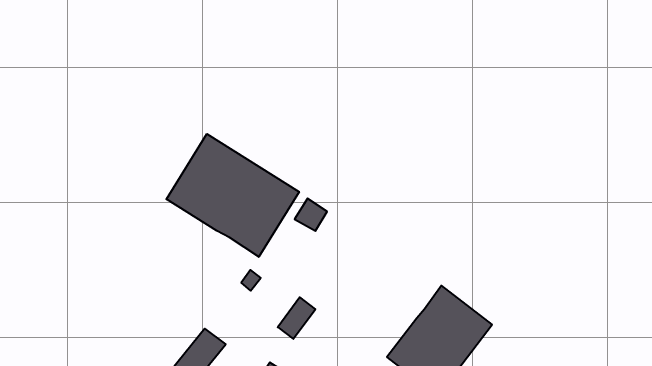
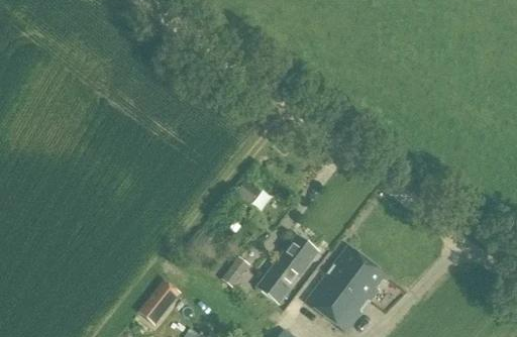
building: [166,134,299,257] -> none
building: none -> [256,235,318,304]

